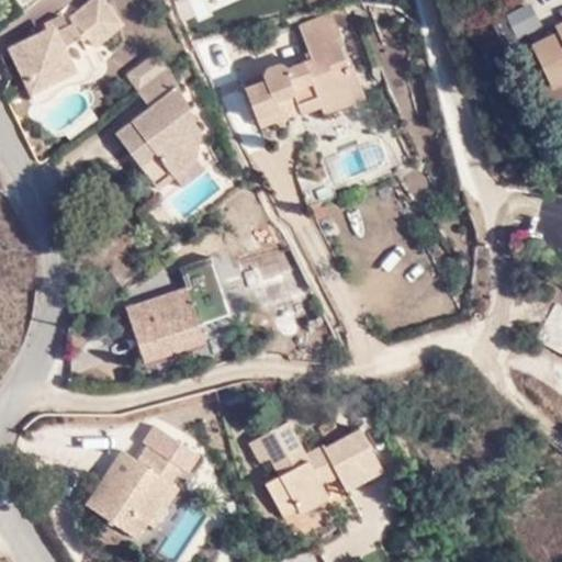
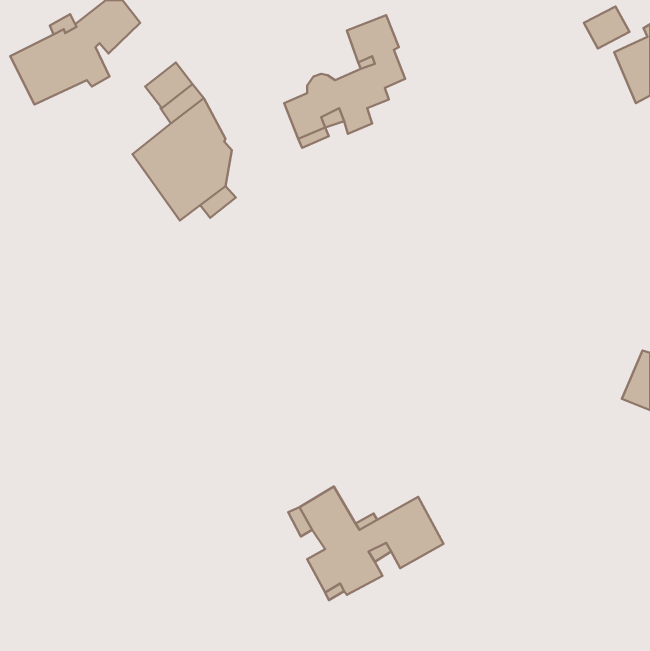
building: [316,66,366,114] -> none
building: [126,258,229,362] -> none
building: [86,426,202,538] -> none

